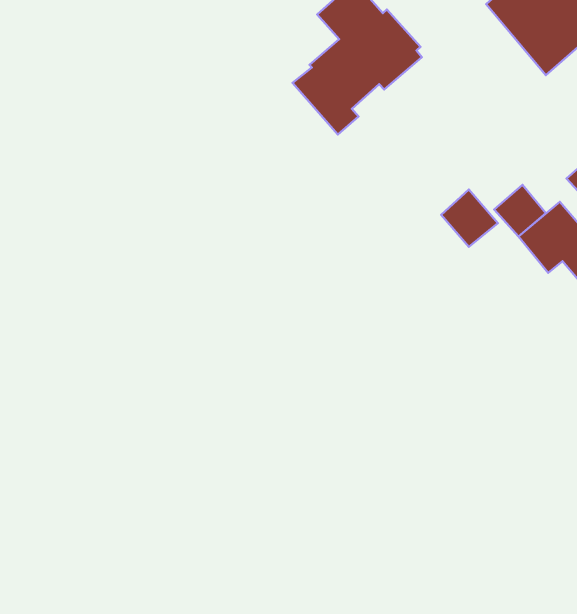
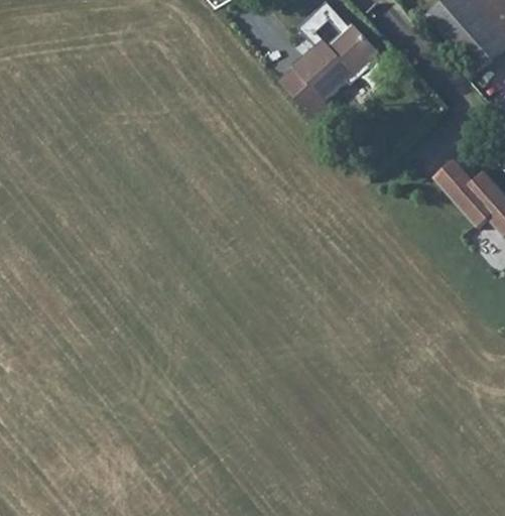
building: [441,189,498,247] -> none

